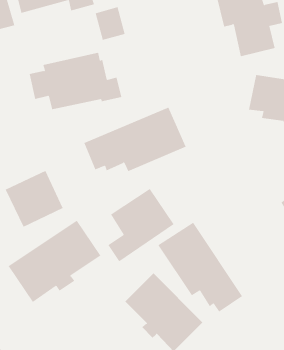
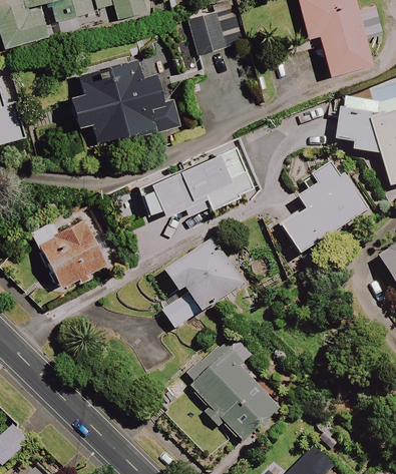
building: [95,7,125,40] -> [187,12,226,54]
building: none -> [283,165,370,256]
building: [8,220,101,303] -> none
building: [158,222,243,313] -> none

